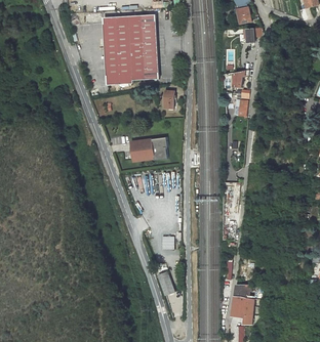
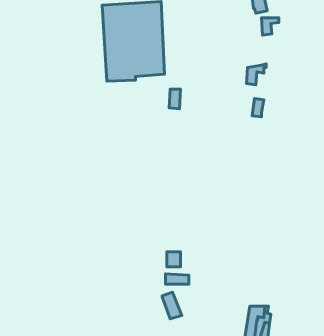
building: [131,138,154,161] -> none

